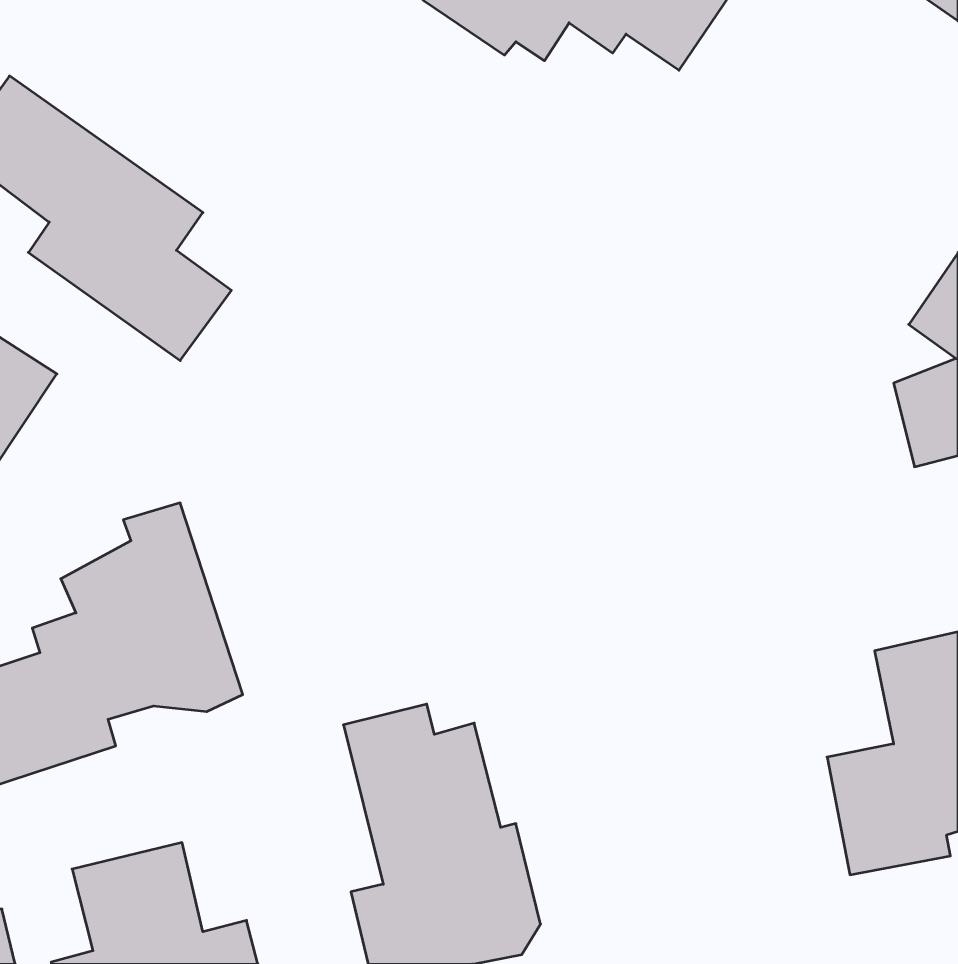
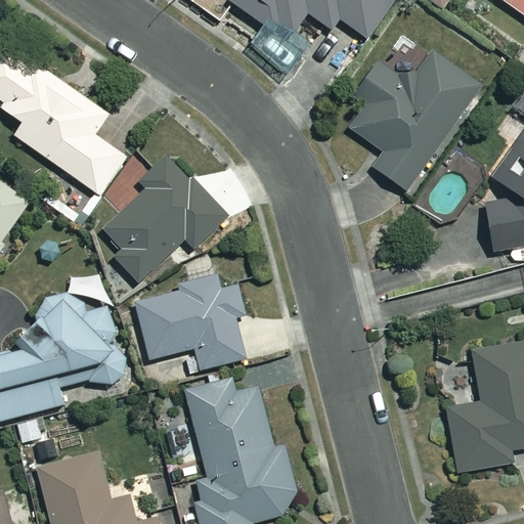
building: none -> [349,52,480,190]
building: none -> [103,154,228,281]
building: none -> [135,271,245,368]

